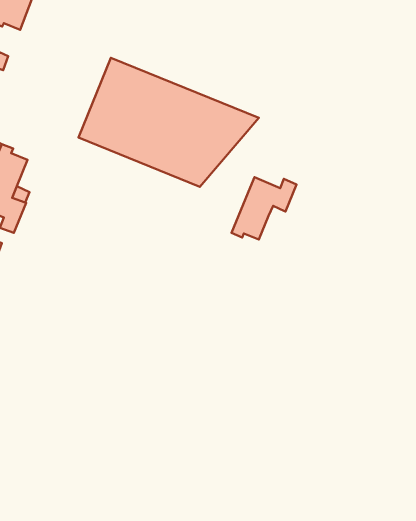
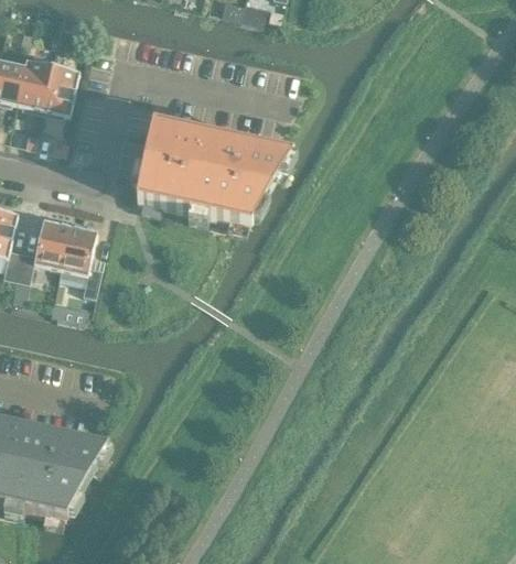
building: [232,177,296,240] -> none

